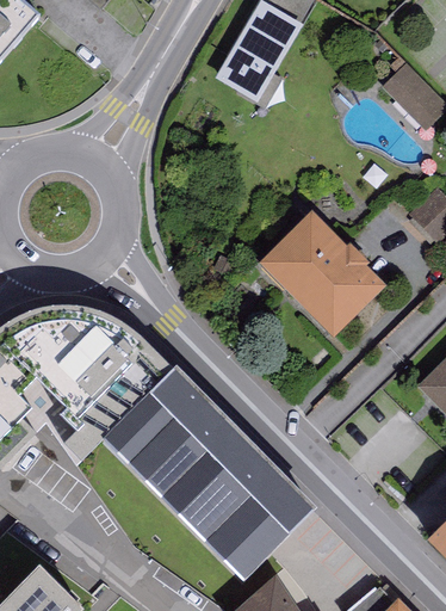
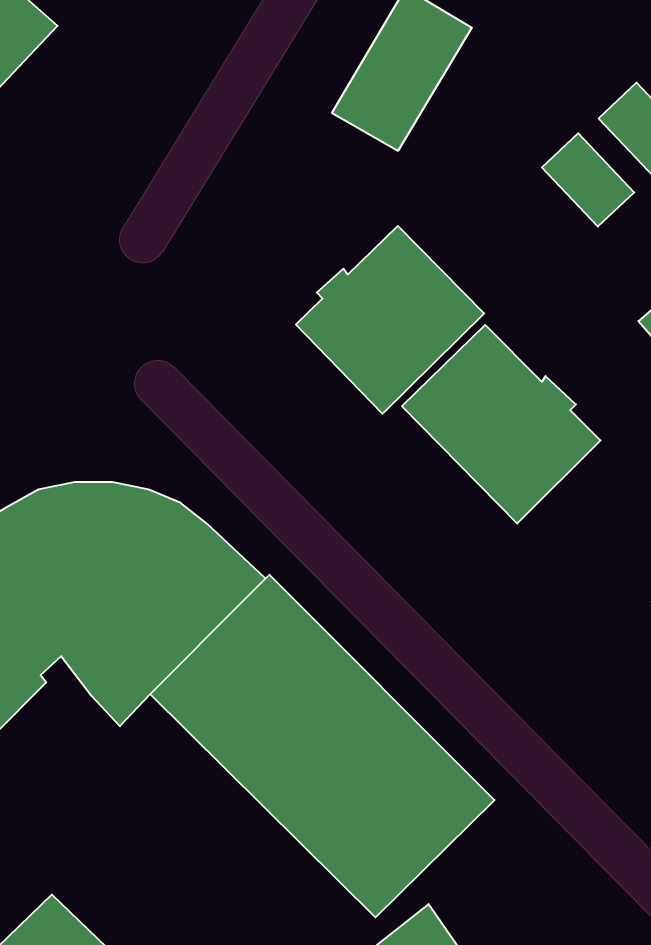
building: none -> [542,133,634,227]
building: none -> [296,226,484,414]

